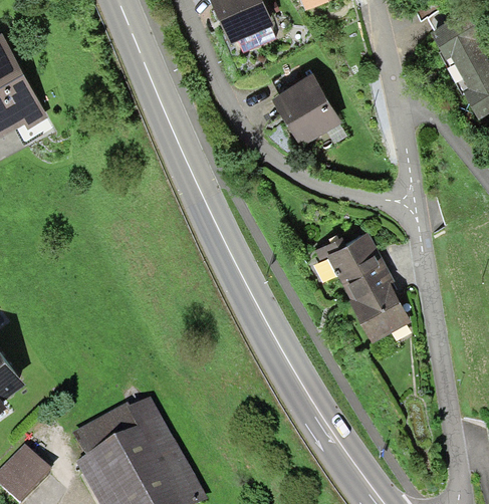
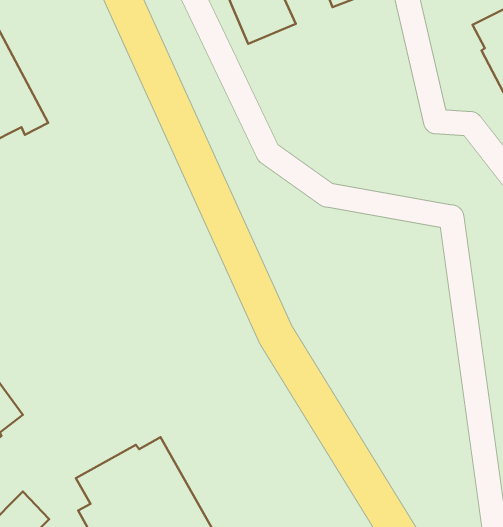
building: [272,74,342,149] -> none
building: [314,231,412,343] -> none

